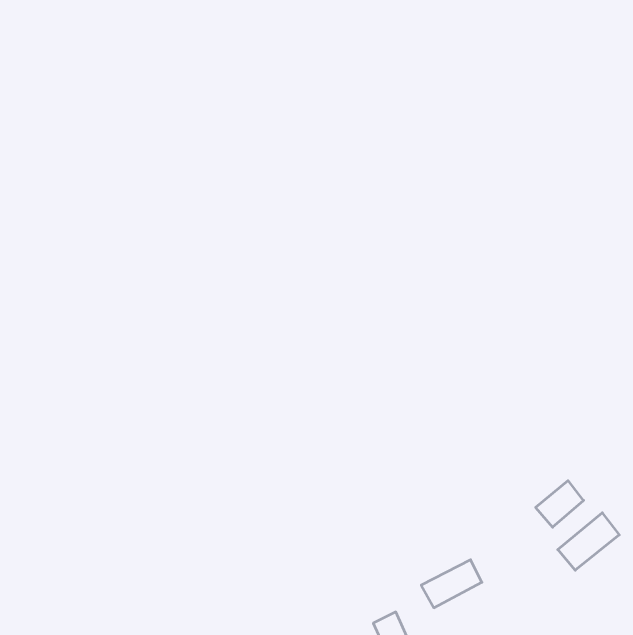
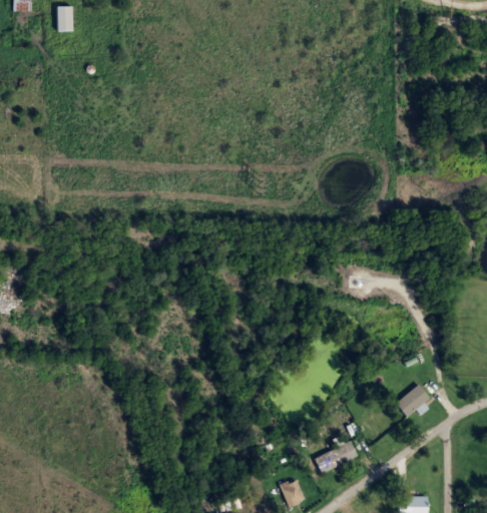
building: [558,513,619,570] -> none

